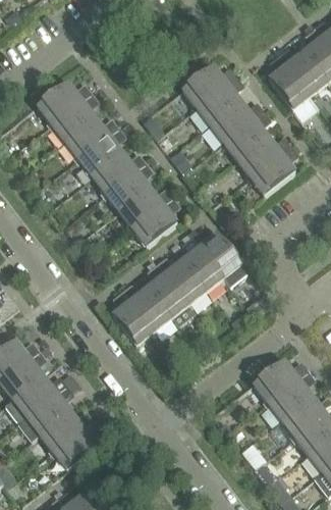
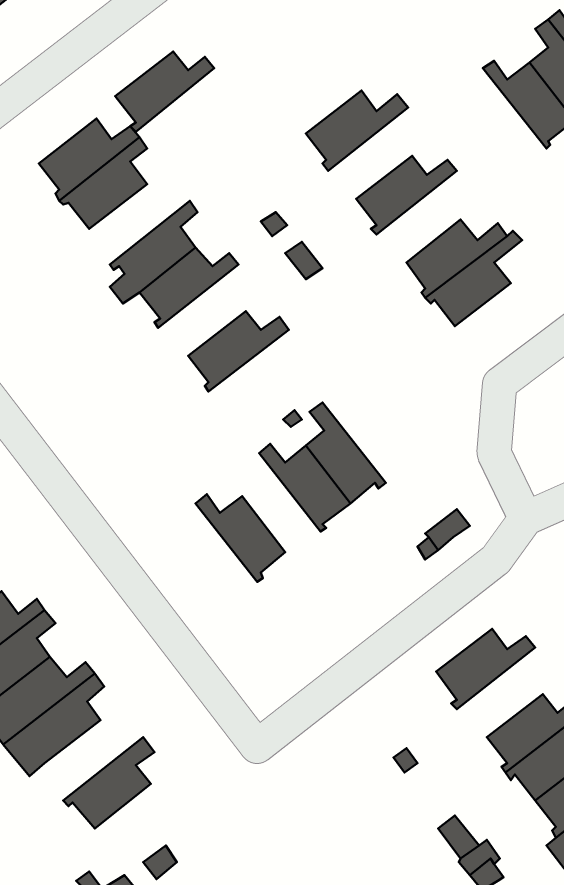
building: [269,53,314,109] -> none
building: [195,74,242,124] -> none
building: [221,109,270,159] -> none
building: [64,116,118,160] -> [115,51,214,132]
building: [102,160,151,210] -> none
building: [129,196,178,246] -> none
building: [191,231,249,285] -> none
building: [148,263,196,325] -> none
building: [112,291,156,346] -> none
building: [265,369,313,418] -> none
building: [40,409,94,453] -> none

